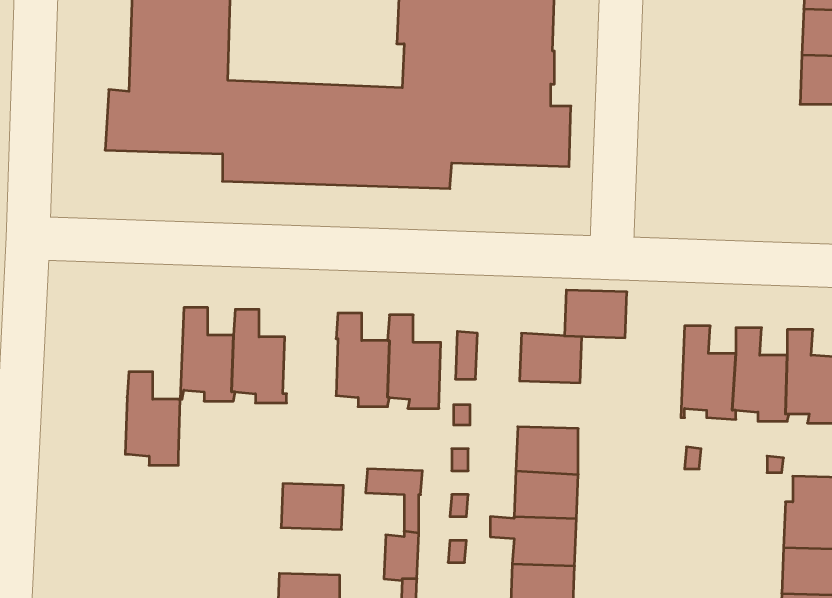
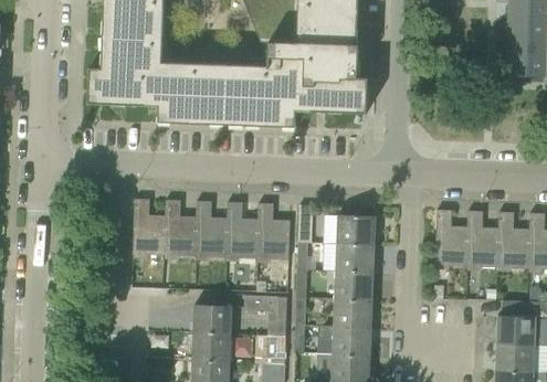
building: [564,290,627,338] -> [336,243,374,272]
building: [125,372,180,465] -> [194,201,228,257]
building: none -> [192,331,230,360]

